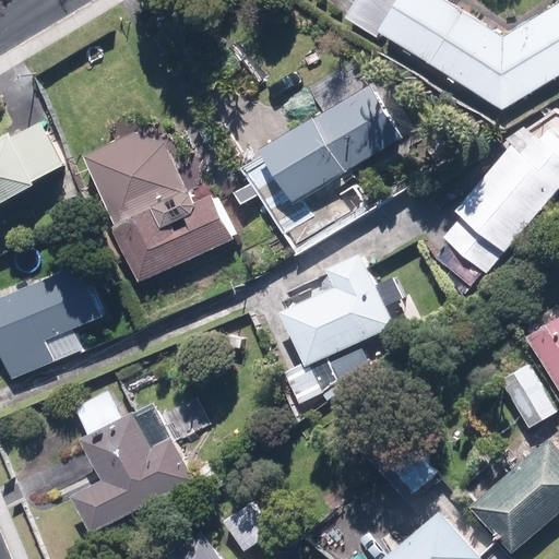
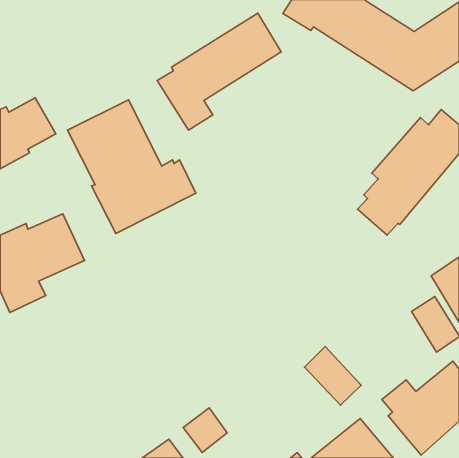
building: [245,92,395,234] -> [157,13,281,130]
building: [277,255,407,420] -> none
building: [72,389,194,533] -> none

